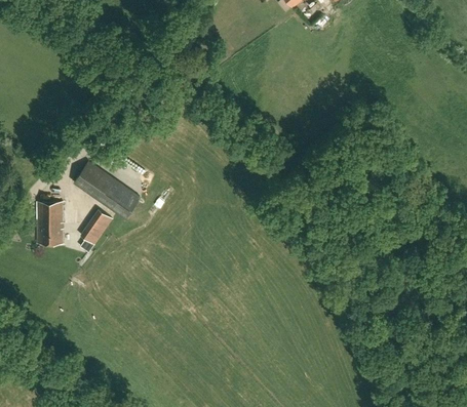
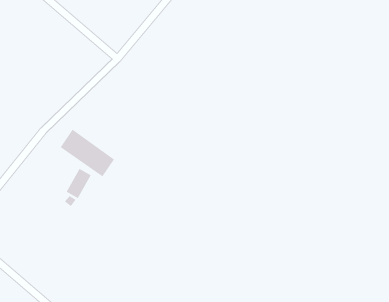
building: [37,203,64,244] -> none

